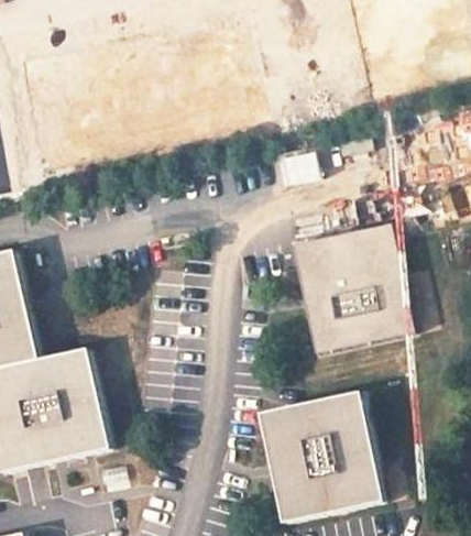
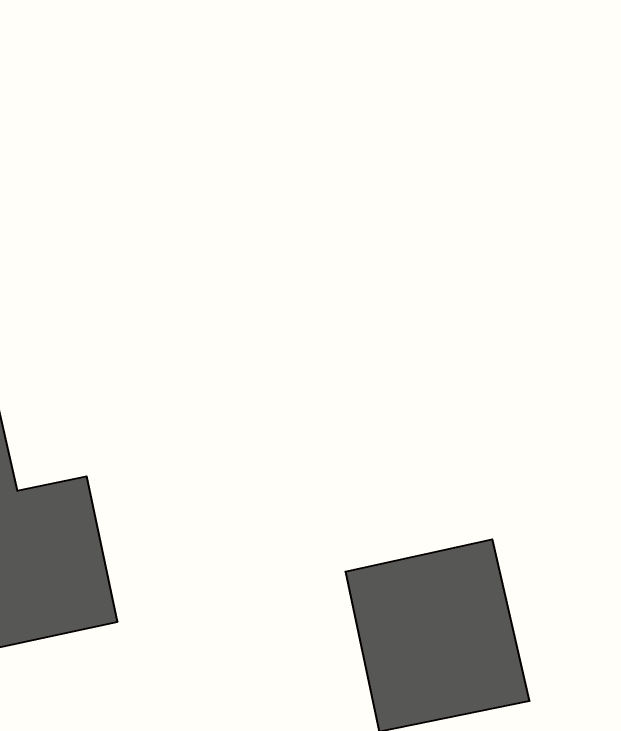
building: [293,222,416,355] -> none

